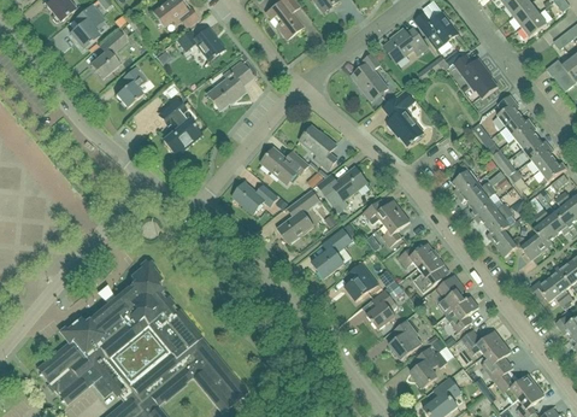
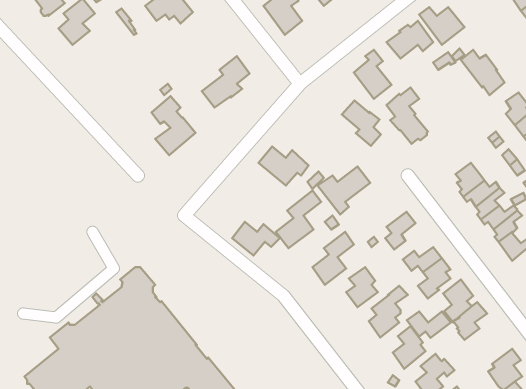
building: [177,27,224,59] -> none
building: [89,29,126,78] -> none
building: [114,65,146,106] -> none
building: [300,125,337,169] -> [342,101,381,146]
building: [232,181,278,213] -> [232,222,280,256]
building: [365,198,402,223] -> none
building: [461,329,504,354] -> [407,311,451,338]

